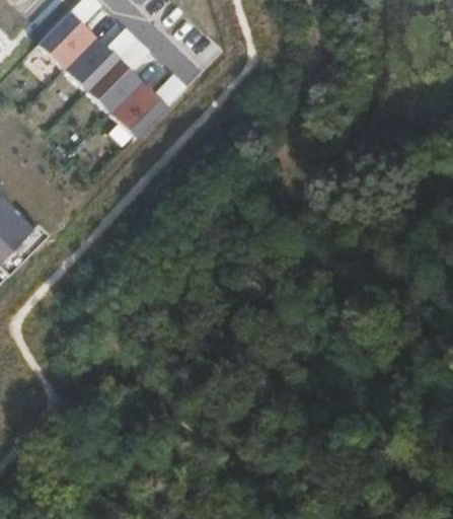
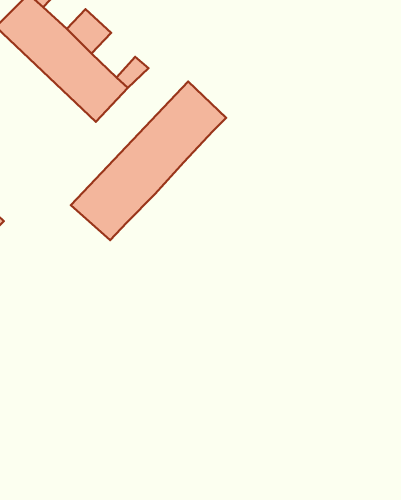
building: none -> [71,81,226,240]

